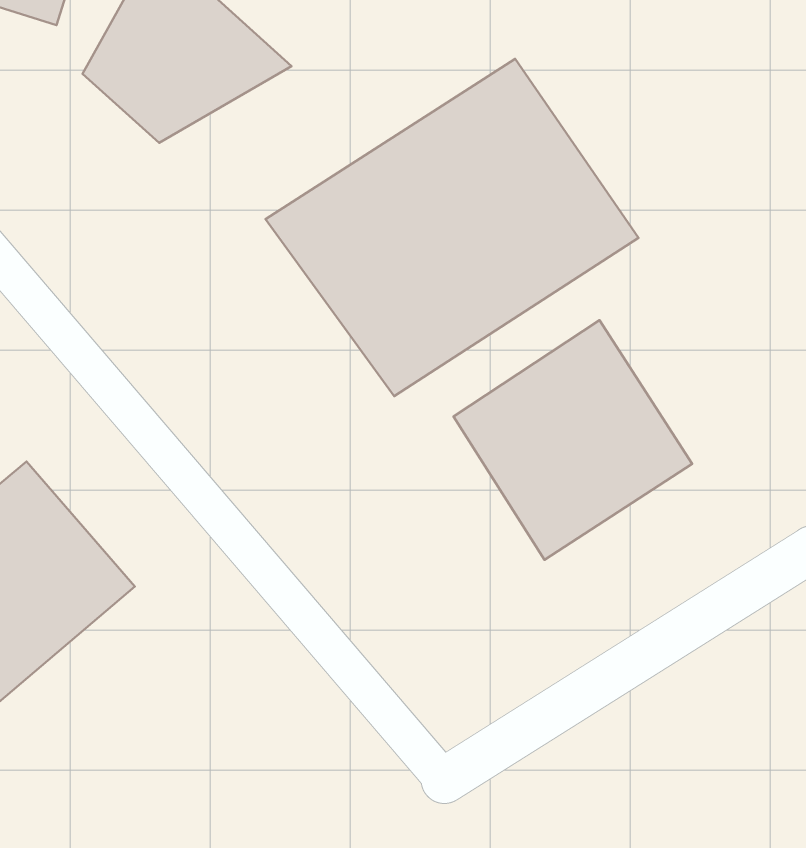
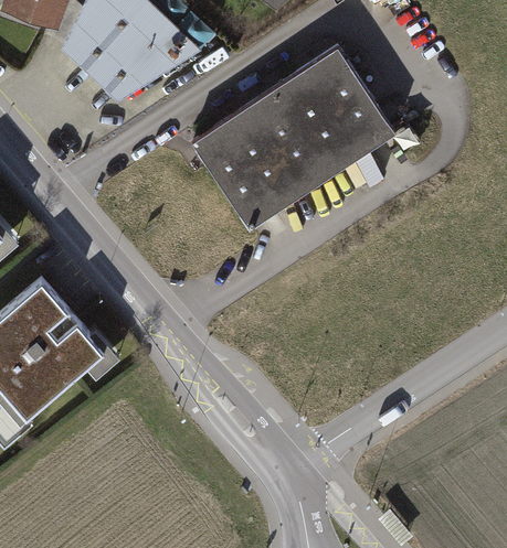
building: [453,320,692,560] -> none

